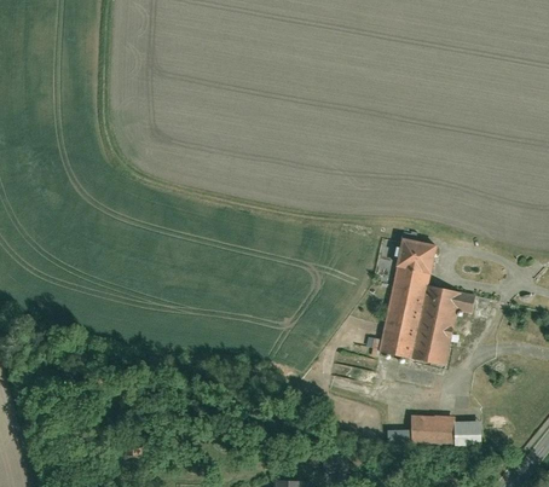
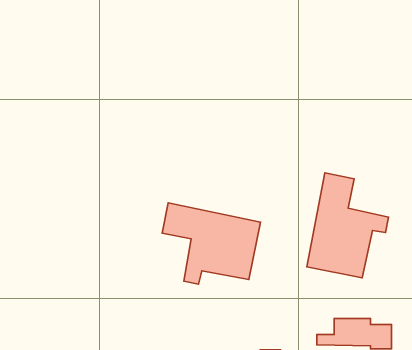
building: none -> [162,203,260,284]

